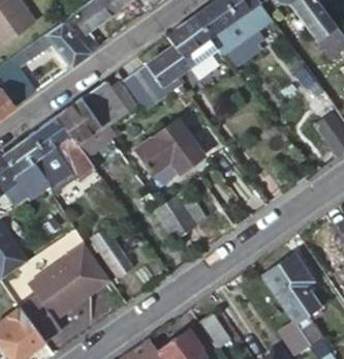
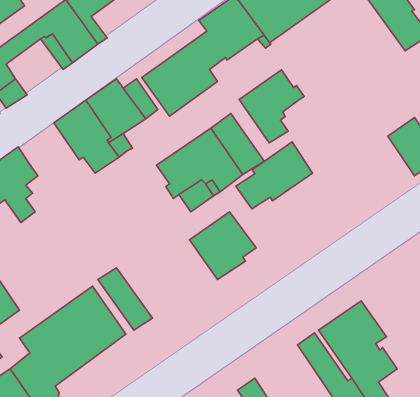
building: none -> [239,70,304,143]
building: [29,115,98,181] -> none
building: none -> [236,142,313,209]

